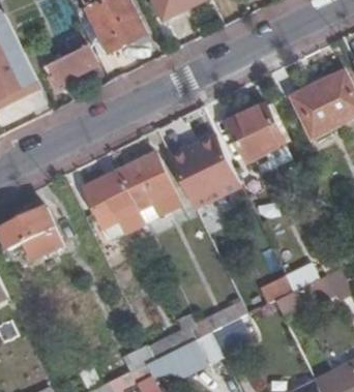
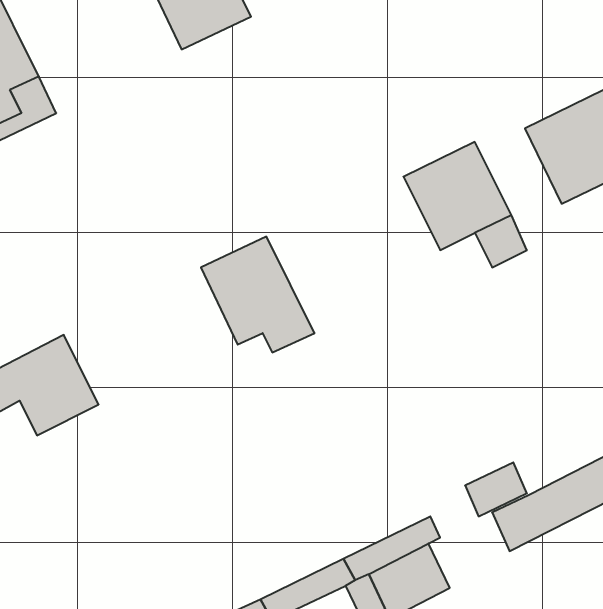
building: [47,33,98,83] -> none
building: [167,135,239,207] -> none
building: [91,170,143,229] -> none

